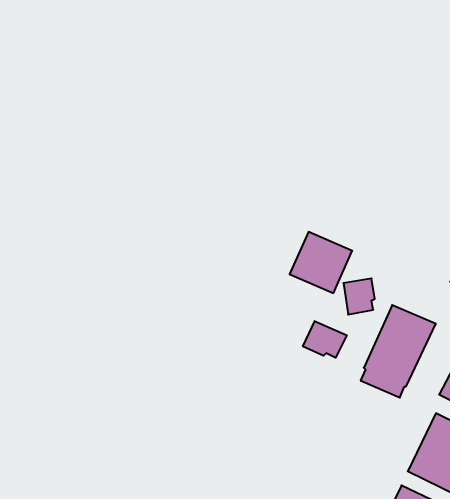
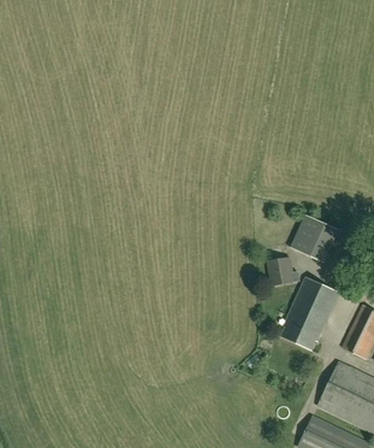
building: [290,232,352,293] -> [290,214,338,261]
building: [303,321,347,358] -> none

